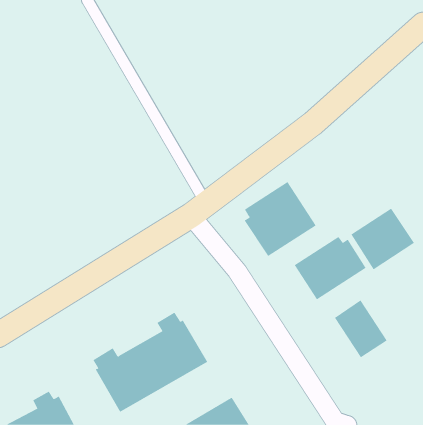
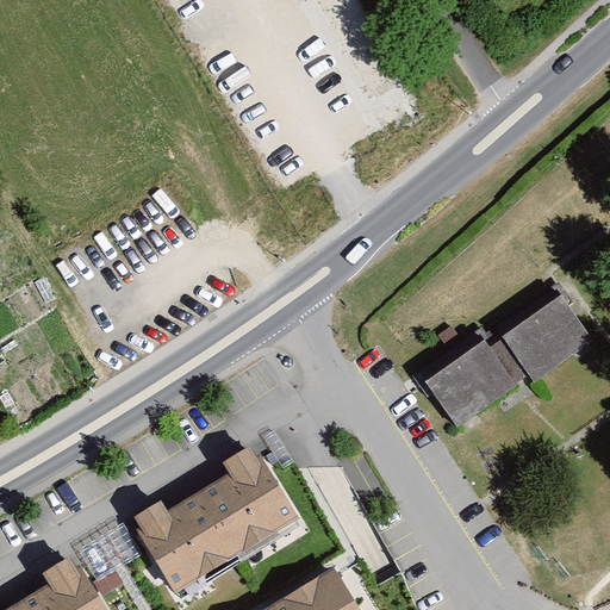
building: [244,181,316,257] -> none
building: [334,299,388,358] -> none

